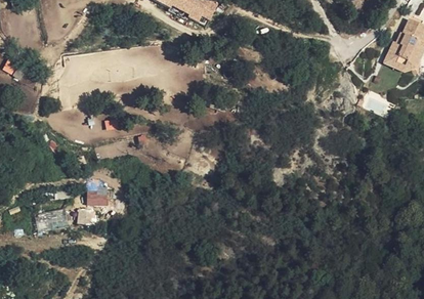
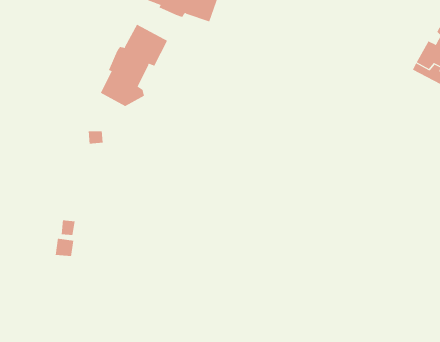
building: none -> [100,24,168,107]

